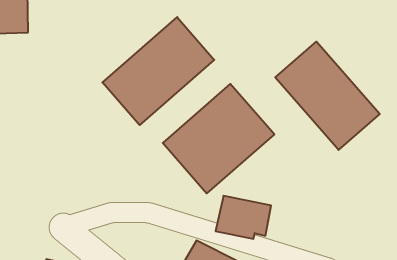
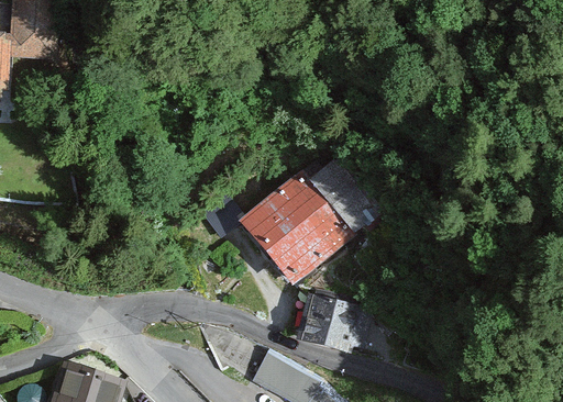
building: [102,17,214,125] -> none
building: [275,42,380,150] -> none

